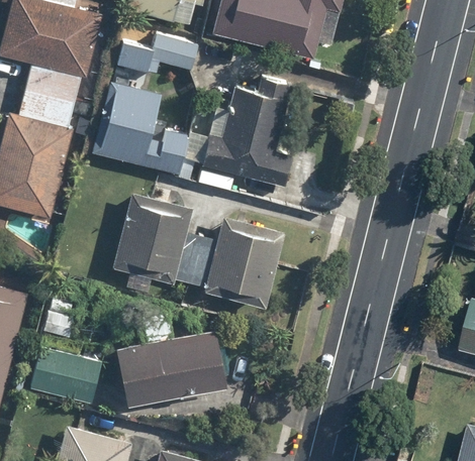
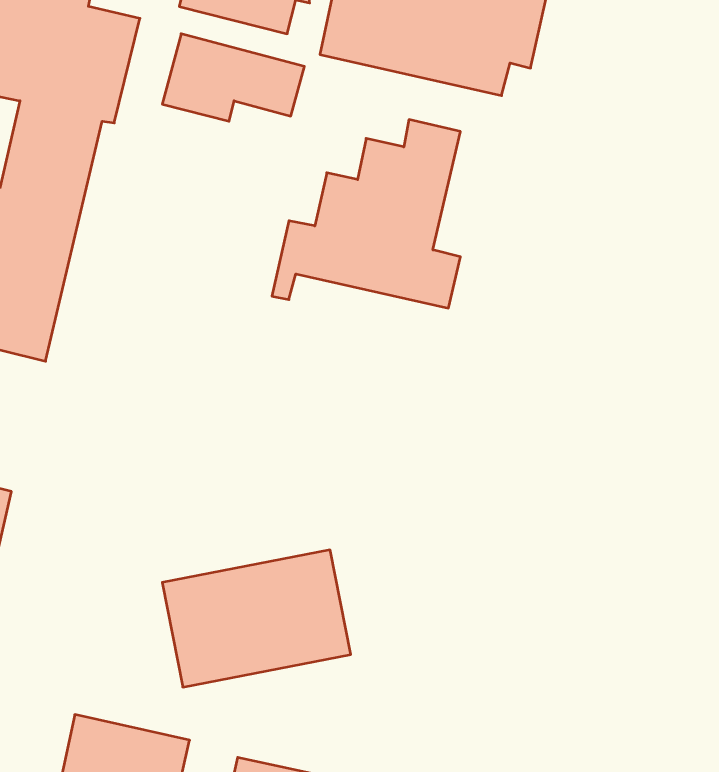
building: [89,81,190,179] -> none
building: [110,193,285,309] -> none
building: [30,346,103,402] -> none

